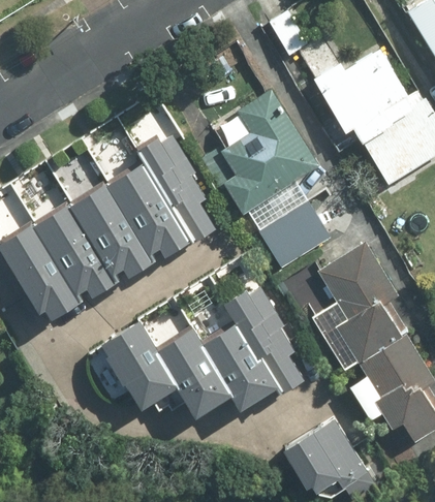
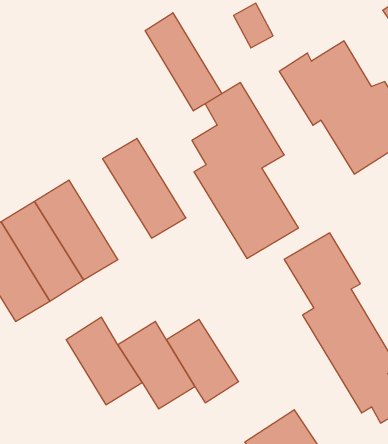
building: none -> [145,13,222,111]
building: [98,165,182,268] -> none
building: [217,283,298,399] -> none

